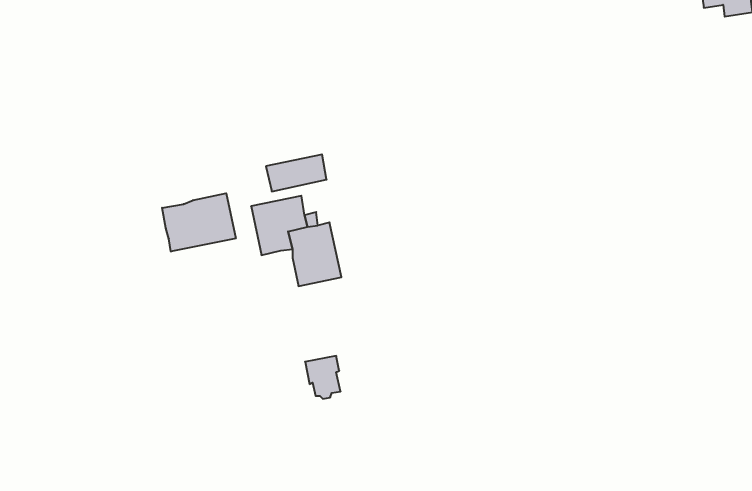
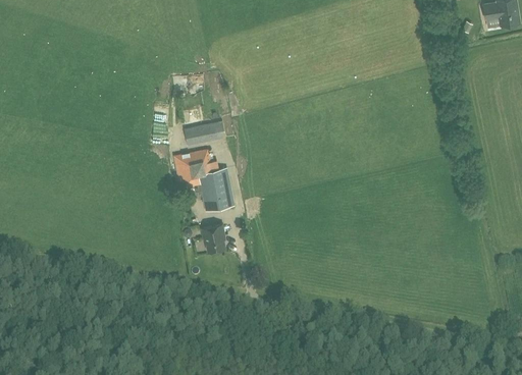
building: [162,193,236,252] -> none
building: [305,356,341,399] -> [201,224,225,254]

